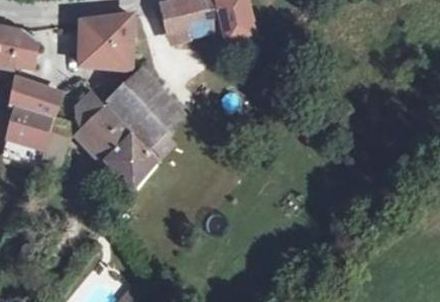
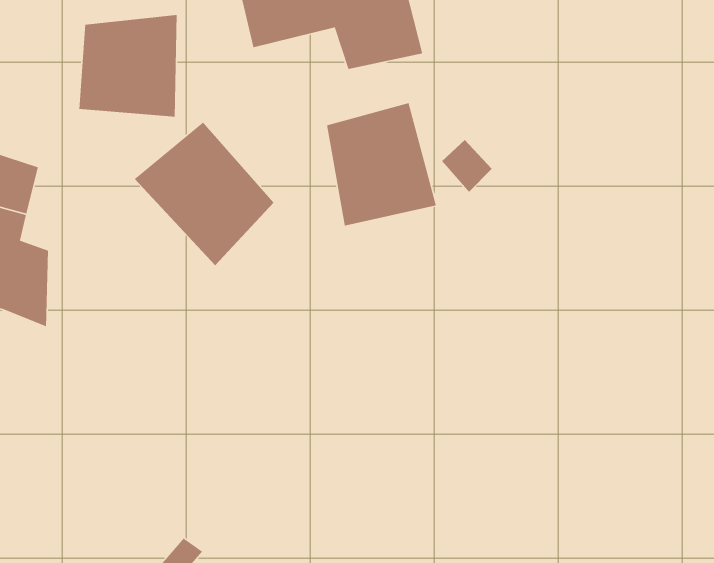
building: none -> [326,102,437,227]
building: [76,92,154,190] -> none

